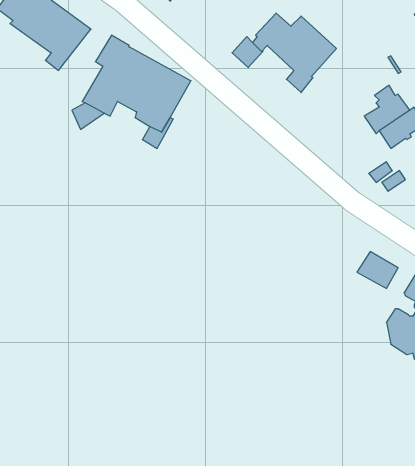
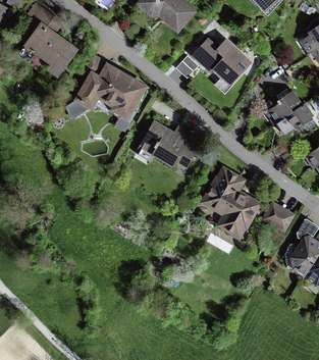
building: none -> [136,120,203,167]
building: none -> [204,169,264,242]

